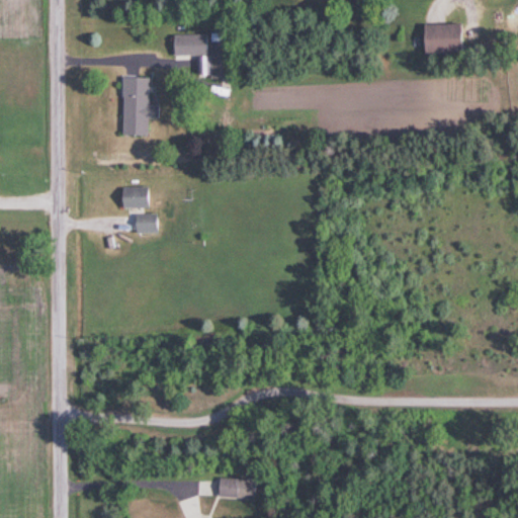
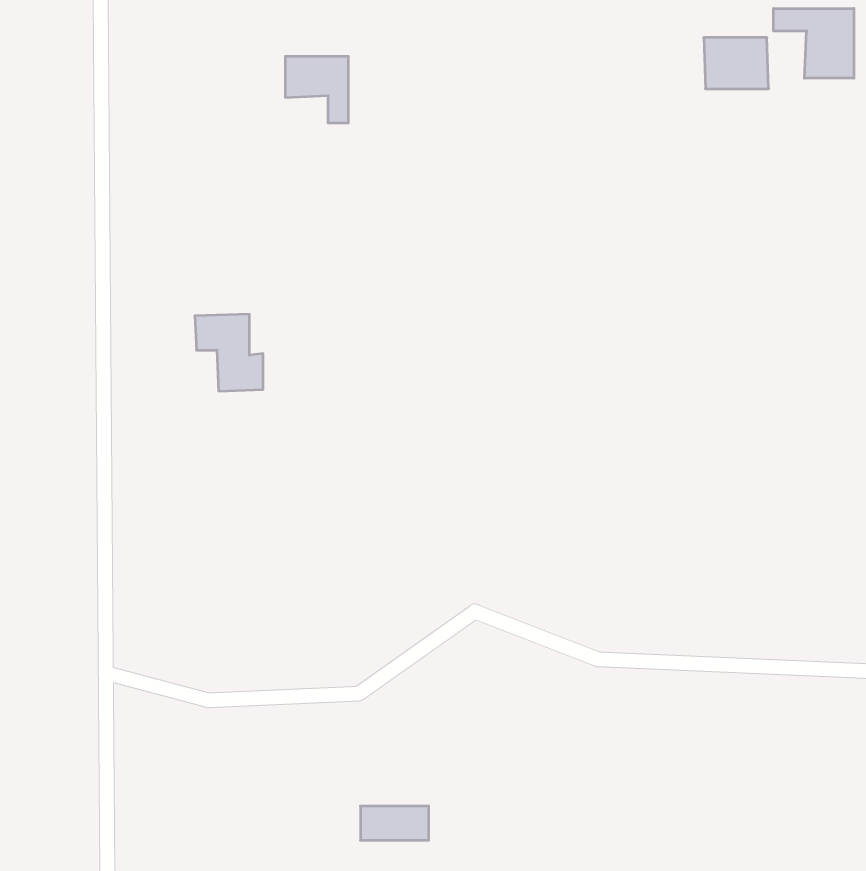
building: none -> [774,8,854,78]
building: [121,77,156,135] -> none

